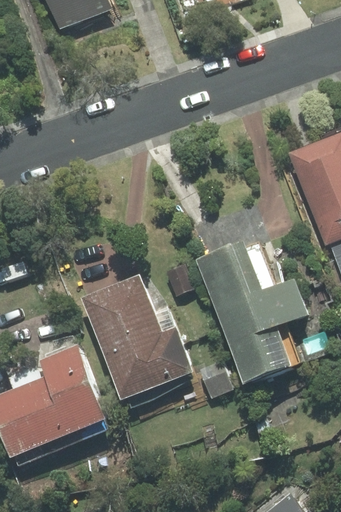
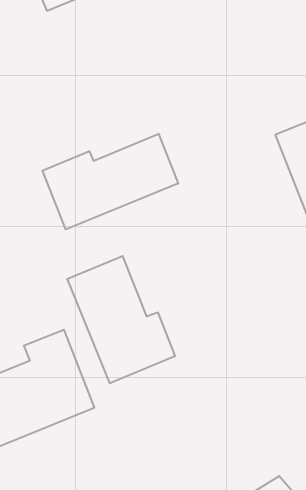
building: none -> [42,134,178,229]
building: [194,234,310,387] -> none

